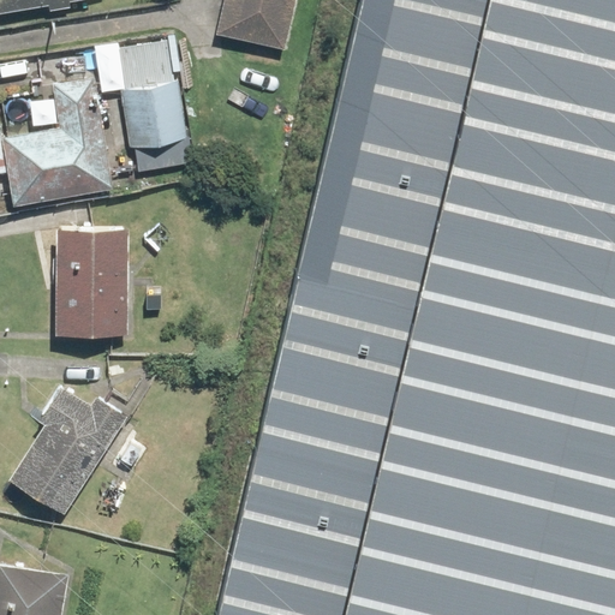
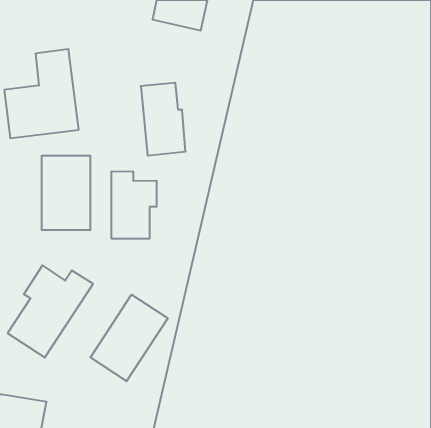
building: [120,43,184,147] -> [141,83,186,156]
building: none -> [112,171,157,239]
building: none -> [90,295,168,381]

